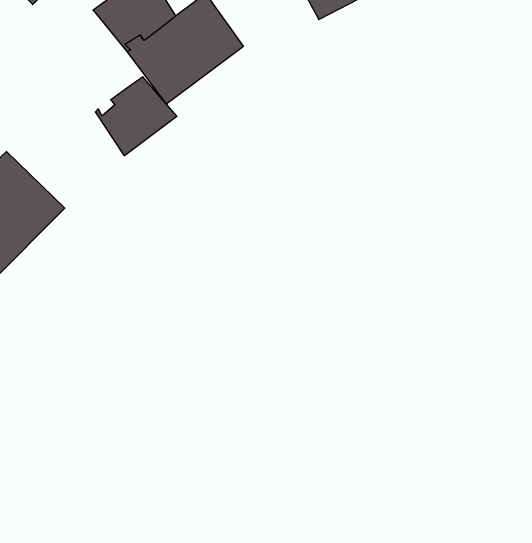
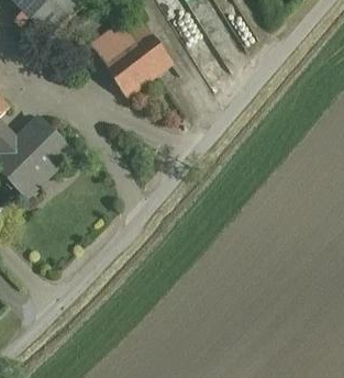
building: [95,77,177,156] -> none

